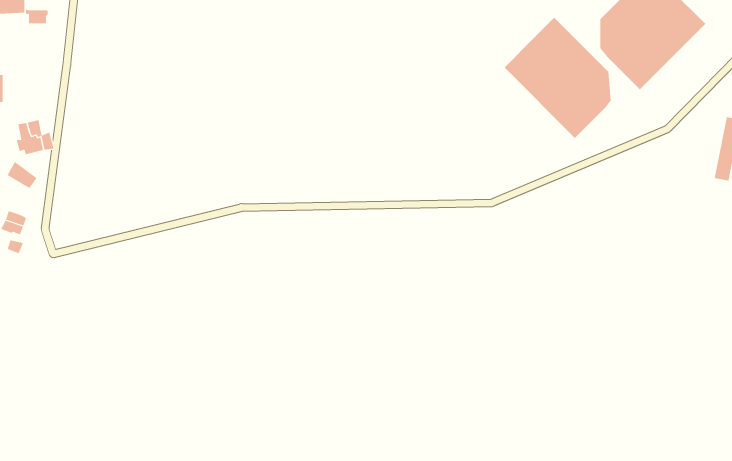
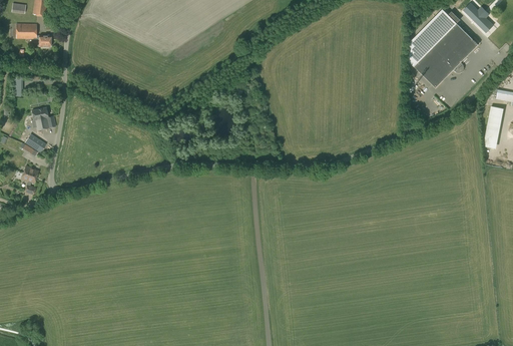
building: [504,17,611,139] -> none

